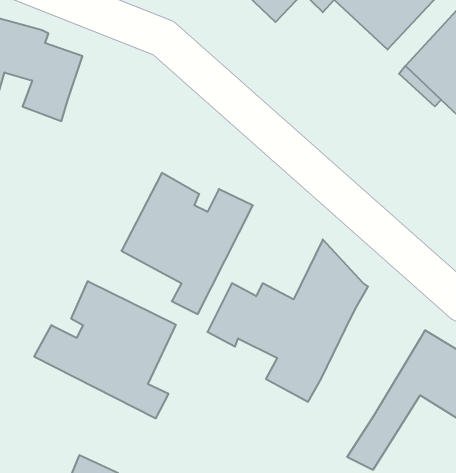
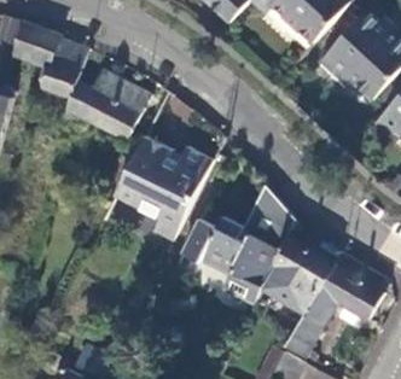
building: none -> [65,70,149,141]
building: [34,281,176,418] -> none
building: none -> [263,237,341,315]

